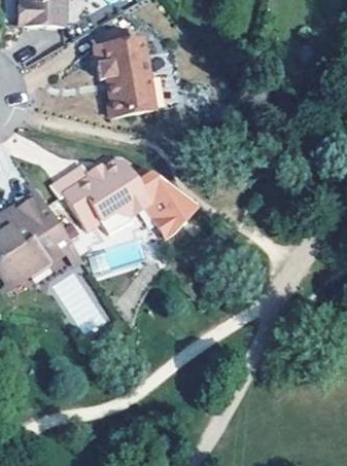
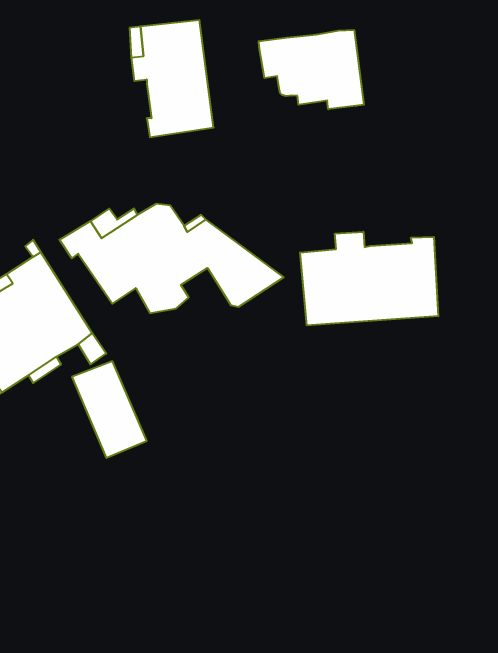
building: none -> [259,30,364,109]
building: none -> [300,232,438,325]

